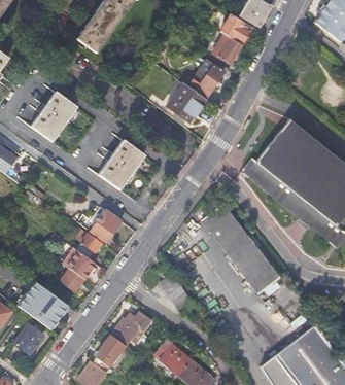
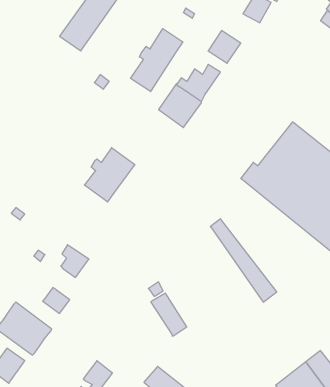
building: [220,12,253,44] -> none
building: none -> [131,29,183,92]
building: [32,92,77,141] -> none
building: [91,209,122,241] -> none
building: [201,212,263,289] -> none
building: [62,246,97,279] -> none
building: [110,311,151,346] -> none

